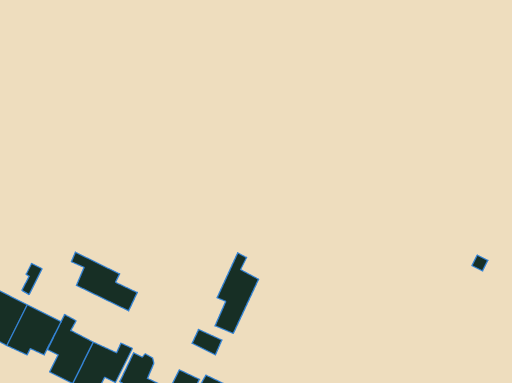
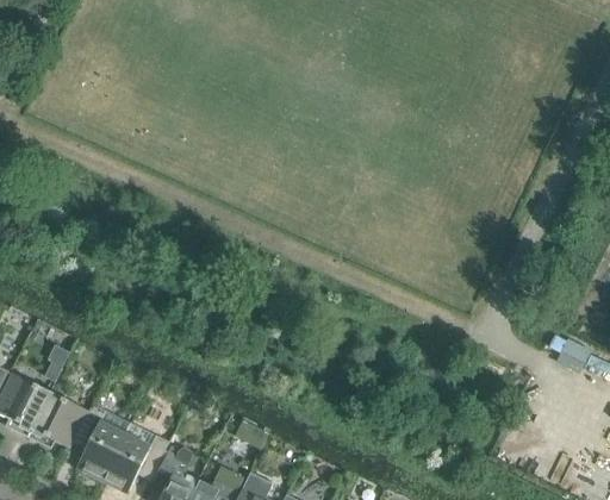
building: [72,252,137,311] -> none
building: [215,253,258,333] -> none

